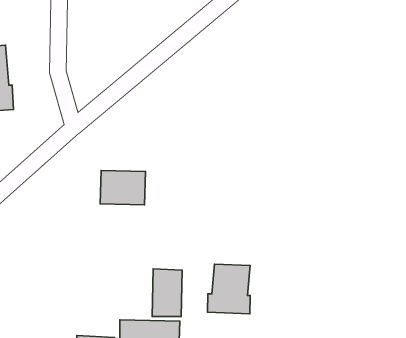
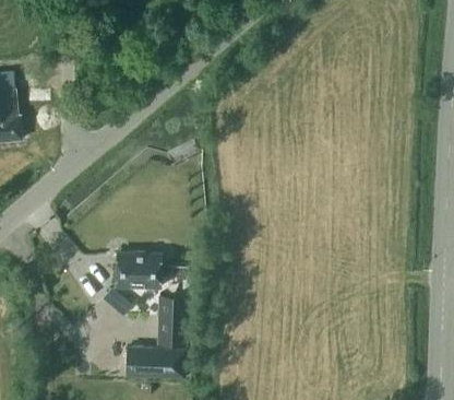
building: [100,170,146,205] -> [116,252,160,286]
building: [208,264,250,314] -> none

